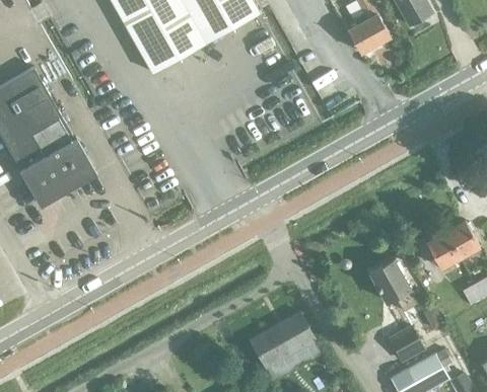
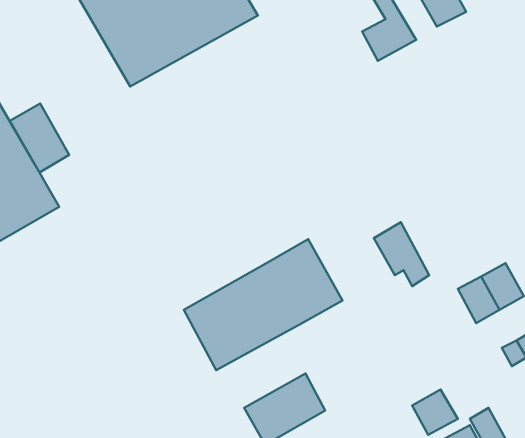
building: none -> [10,104,69,173]
building: none -> [184,239,342,370]
building: [370,260,416,313] -> [374,222,429,286]

